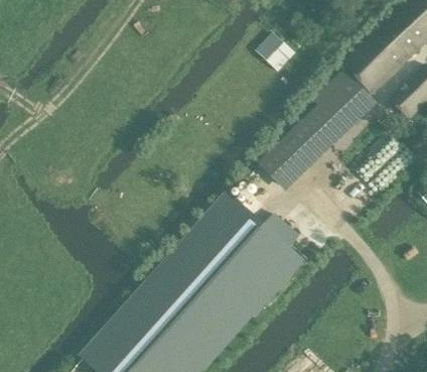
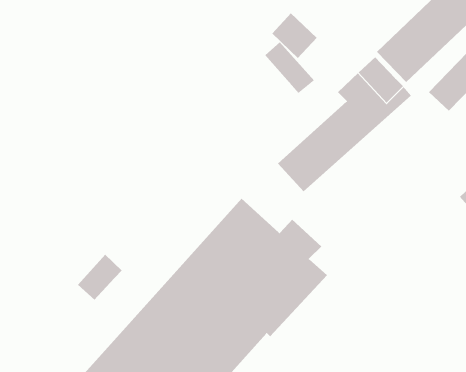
building: none -> [264,41,315,94]
building: none -> [77,254,122,301]

